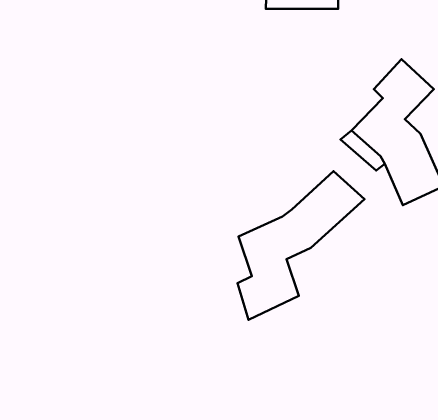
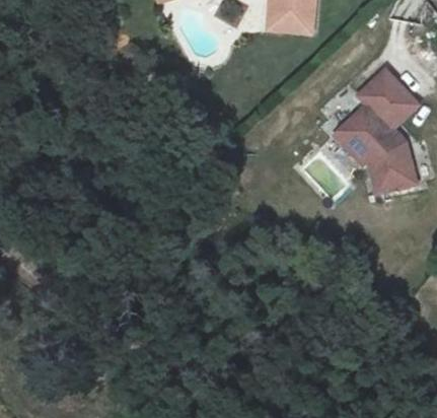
building: [238,171,365,320] -> none

